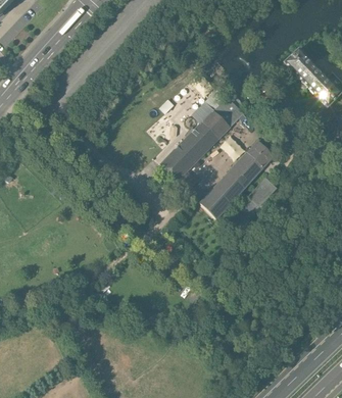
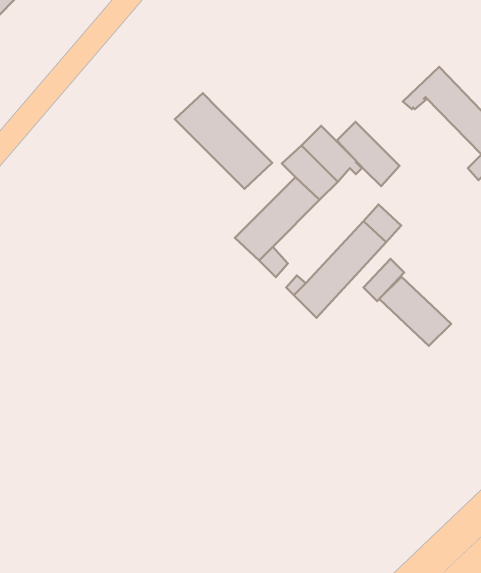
building: none -> [175,93,272,189]
building: none -> [337,122,400,186]
building: none -> [379,277,451,346]

